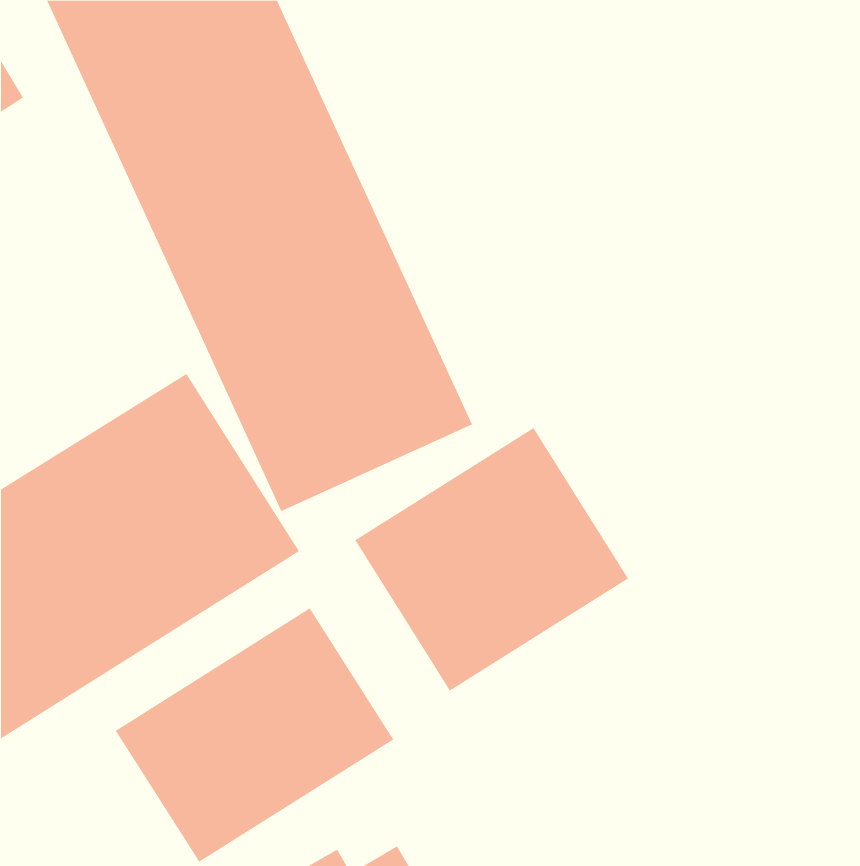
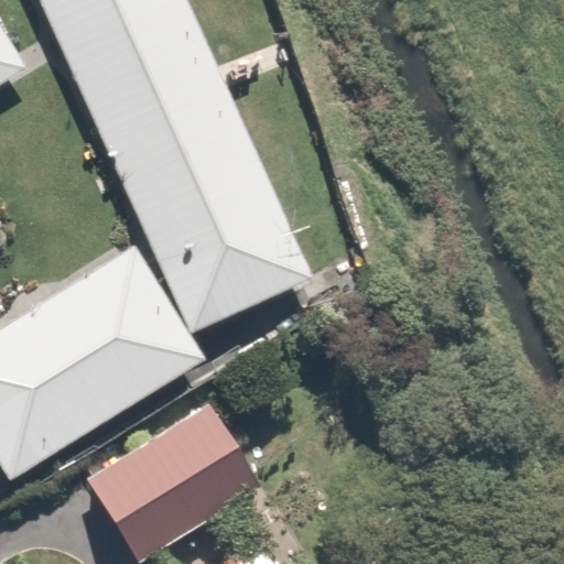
building: [355,427,629,692] -> none

